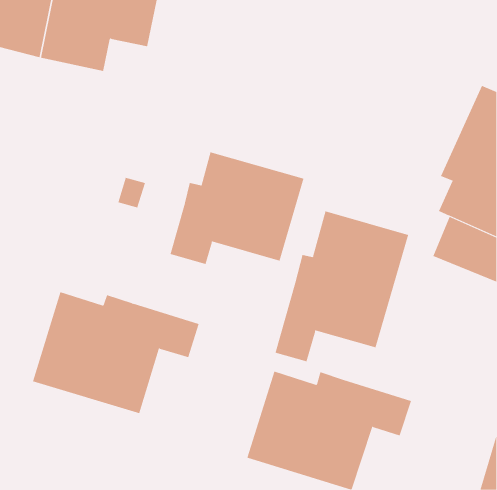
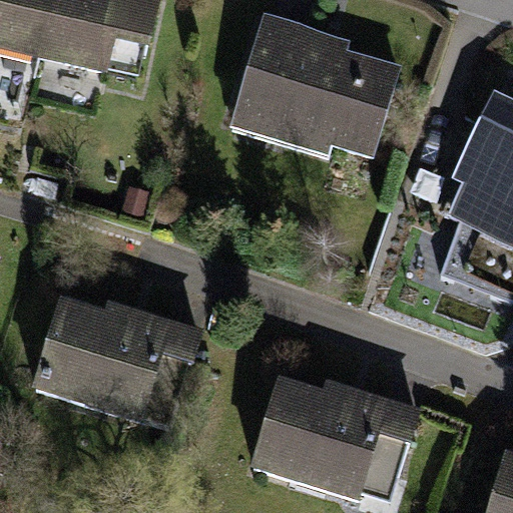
building: none -> [231,13,404,158]
building: [170,151,304,265] -> none
building: [275,211,409,362] -> none

